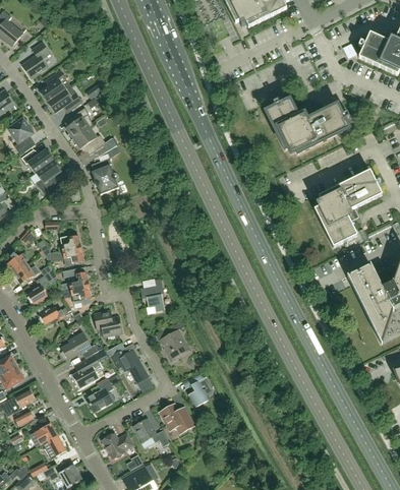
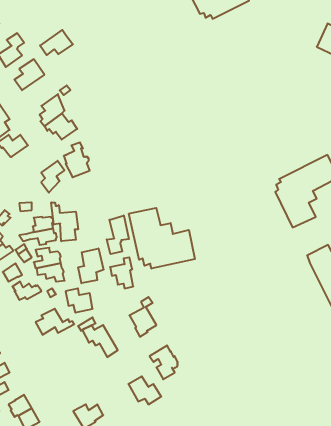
building: [48,85,82,112] -> [40,30,73,55]
building: [266,99,349,154] -> none
building: [37,160,61,193] -> [41,161,64,193]
building: none -> [51,202,78,241]
building: none -> [129,208,195,269]
building: none -> [107,215,129,254]
building: none -> [78,248,104,283]
building: [72,354,101,386] -> none
building: [85,378,114,412] -> none
building: [133,416,170,445] -> none

